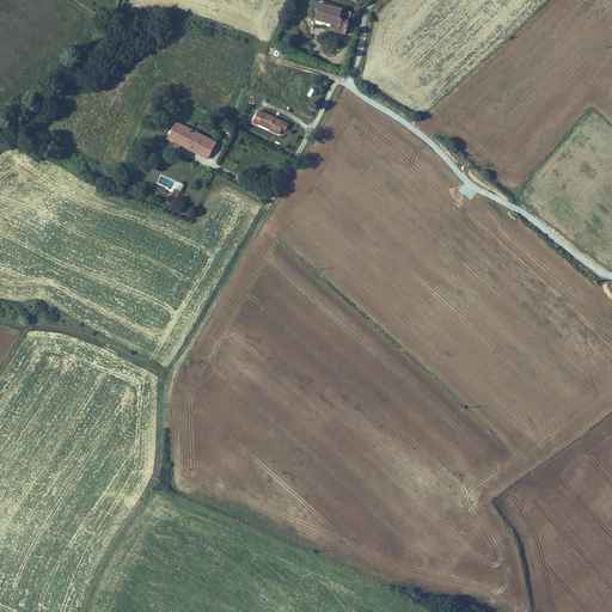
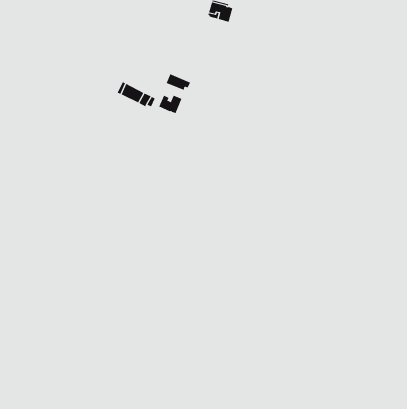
building: none -> [159,95,182,114]

